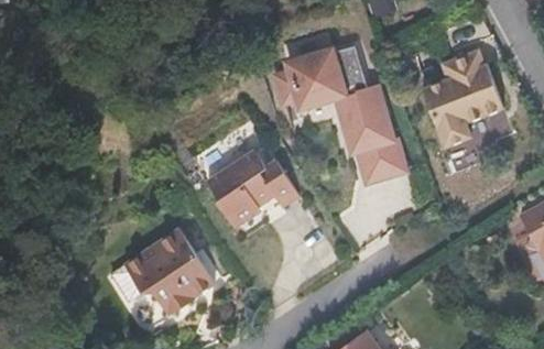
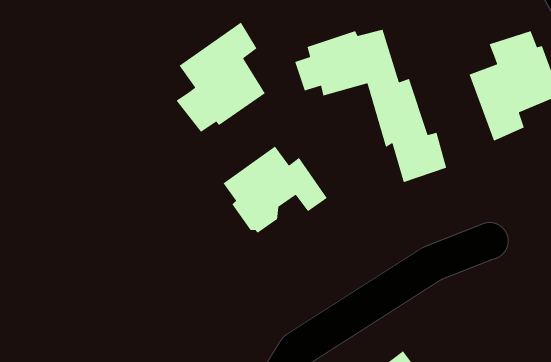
building: none -> [176,21,266,133]
building: [107,230,215,319] -> none

